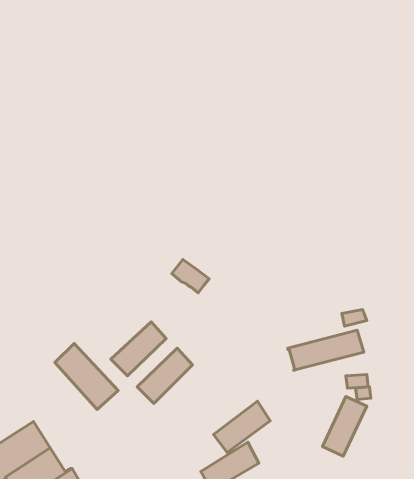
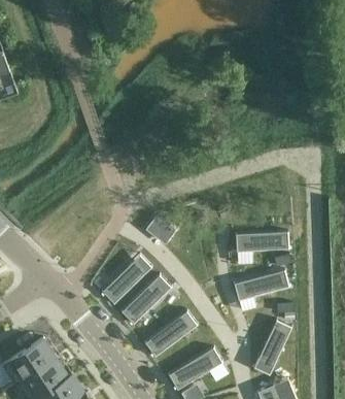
building: none -> [236,231,289,251]
building: [55,343,118,410] -> none
building: [213,401,270,453] -> [145,318,187,356]

